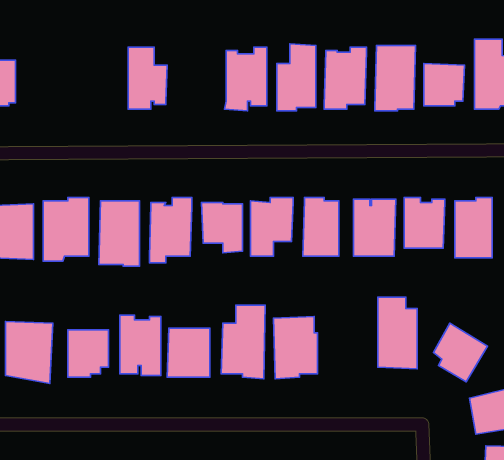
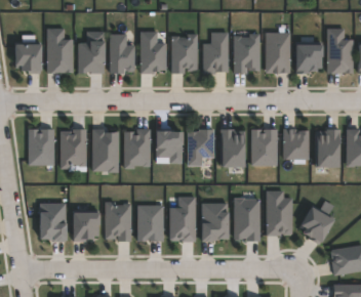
building: none -> [44,27,74,72]
building: none -> [78,32,105,75]
building: none -> [141,32,167,73]
building: none -> [235,199,260,241]

